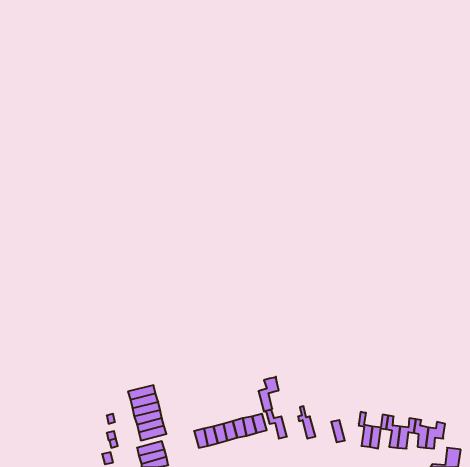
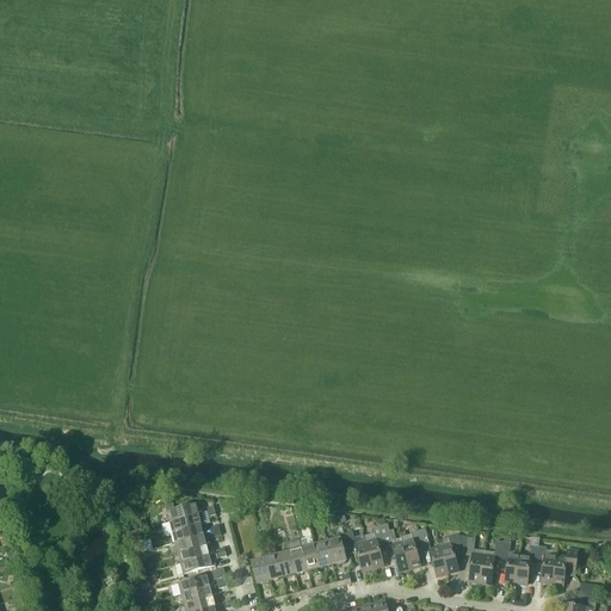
building: [258,377,279,412] -> [365,521,391,567]
building: none -> [402,526,430,567]
building: none -> [440,532,468,572]

